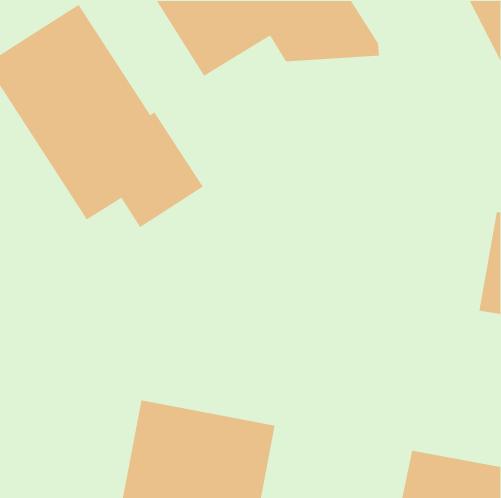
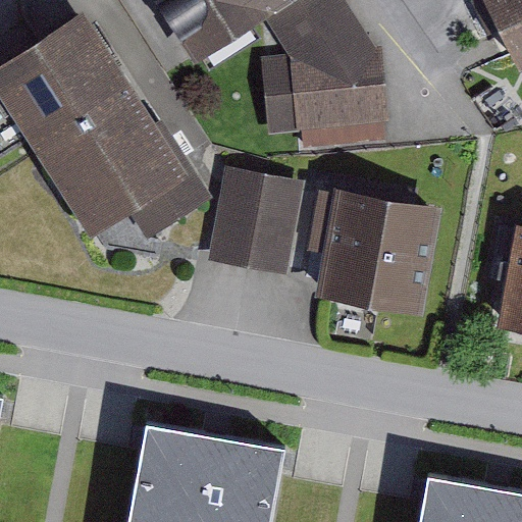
building: none -> [271,63,399,160]
building: none -> [206,168,304,277]
building: none -> [306,187,440,317]

